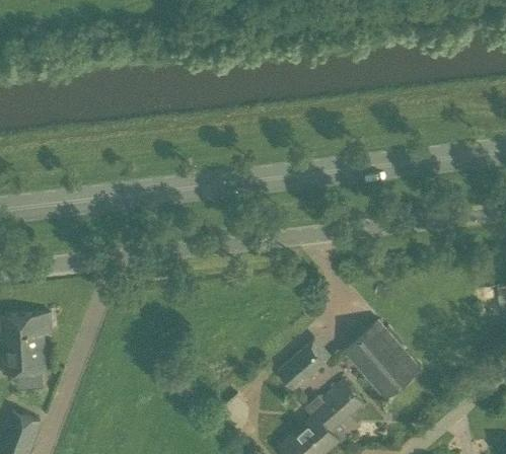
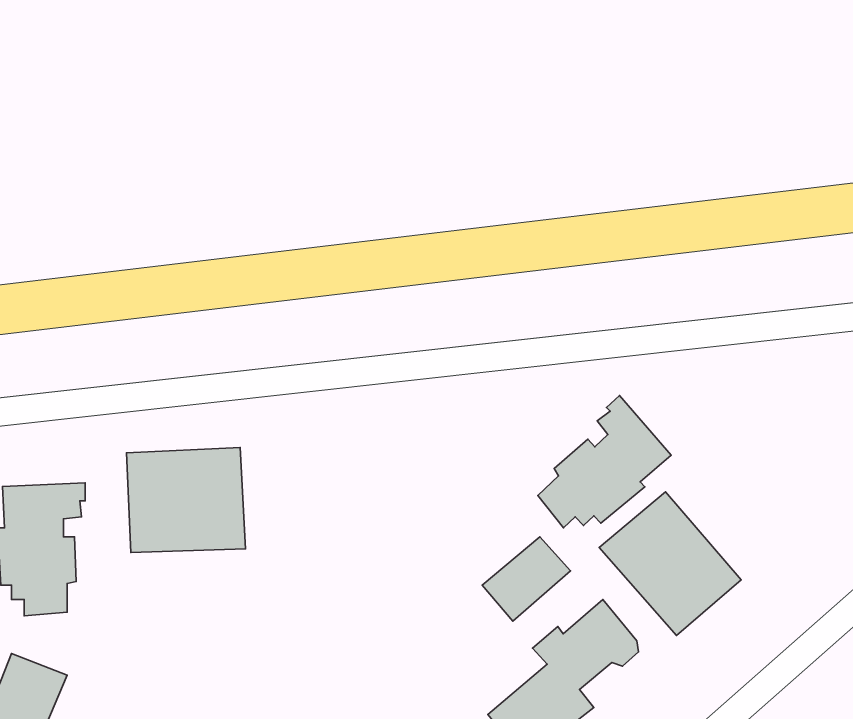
building: none -> [538,395,671,528]
building: none -> [127,448,246,552]

